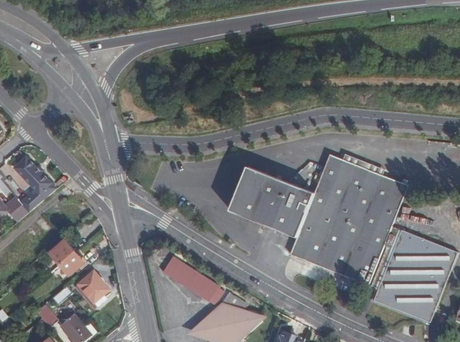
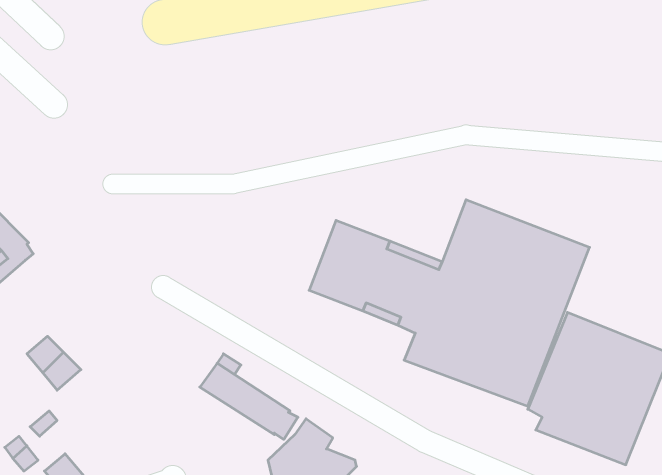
building: [80,270,111,301] -> none

